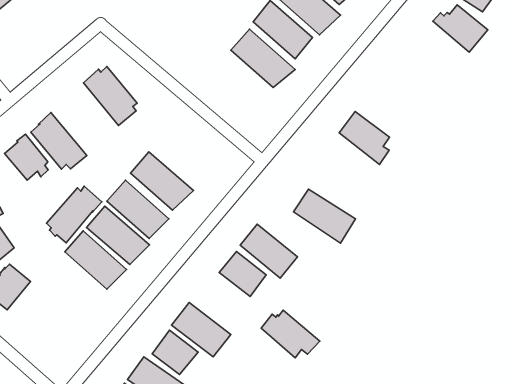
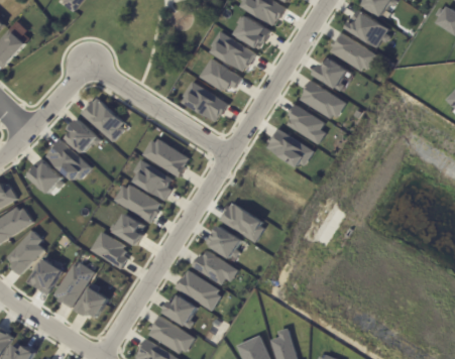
building: none -> [328,34,375,73]
building: none -> [313,58,346,89]
building: none -> [183,82,227,122]
building: none -> [299,81,345,121]
building: none -> [67,118,101,152]
building: none -> [141,134,191,176]
building: [46,186,102,243] -> [52,262,93,308]
building: [294,189,356,243] -> [264,130,313,168]
building: none -> [77,288,110,322]
building: [261,310,320,358] -> [191,250,237,285]

